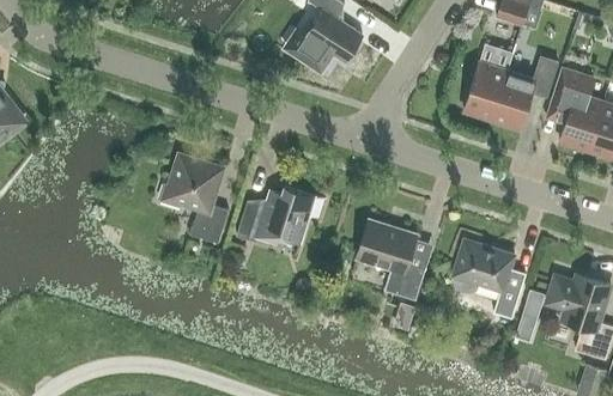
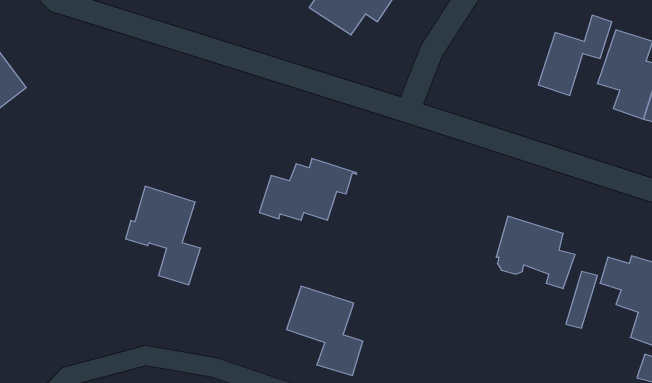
building: [463,61,506,118] -> none
building: [160,152,229,242] -> [126,186,201,285]
building: [356,218,425,299] -> [287,286,363,375]

